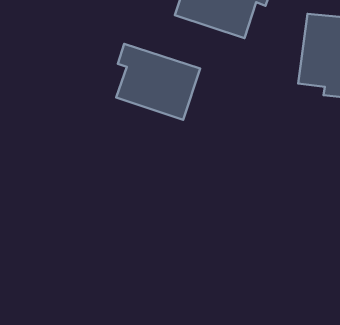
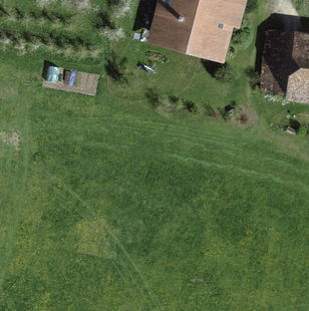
building: [116,44,200,120] -> none

